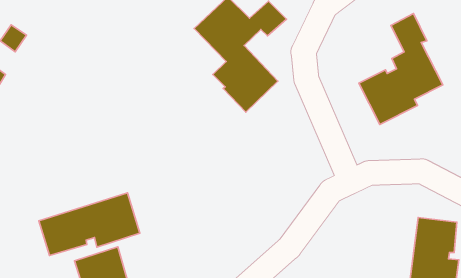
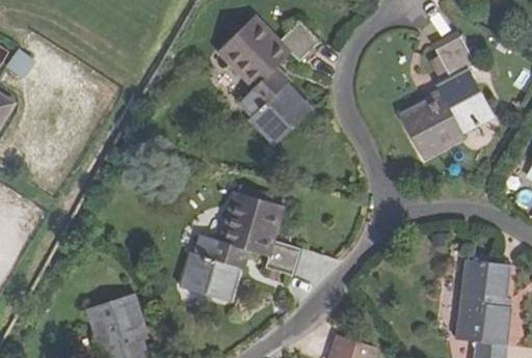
building: none -> [181,191,299,301]
building: [39,193,140,255] -> none

